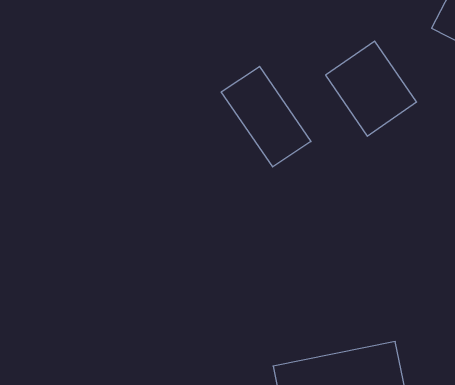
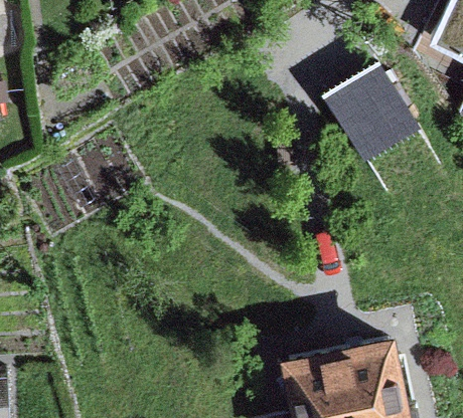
building: [221,66,311,167] -> none

